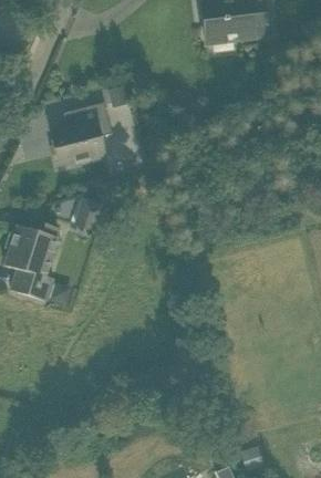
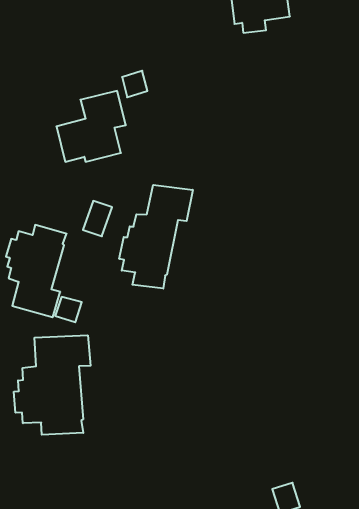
building: none -> [119,185,193,289]
building: none -> [14,335,91,435]

